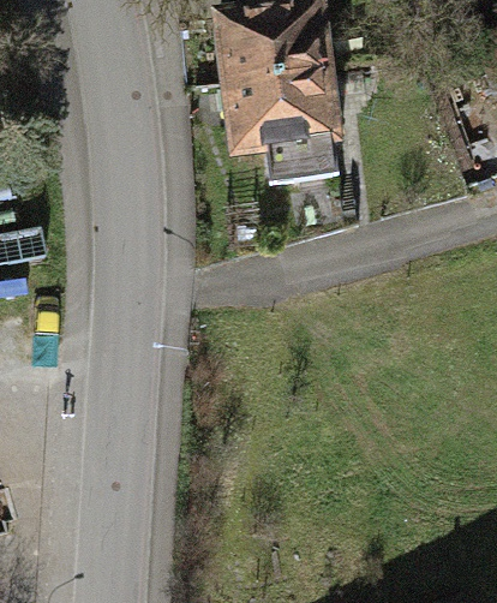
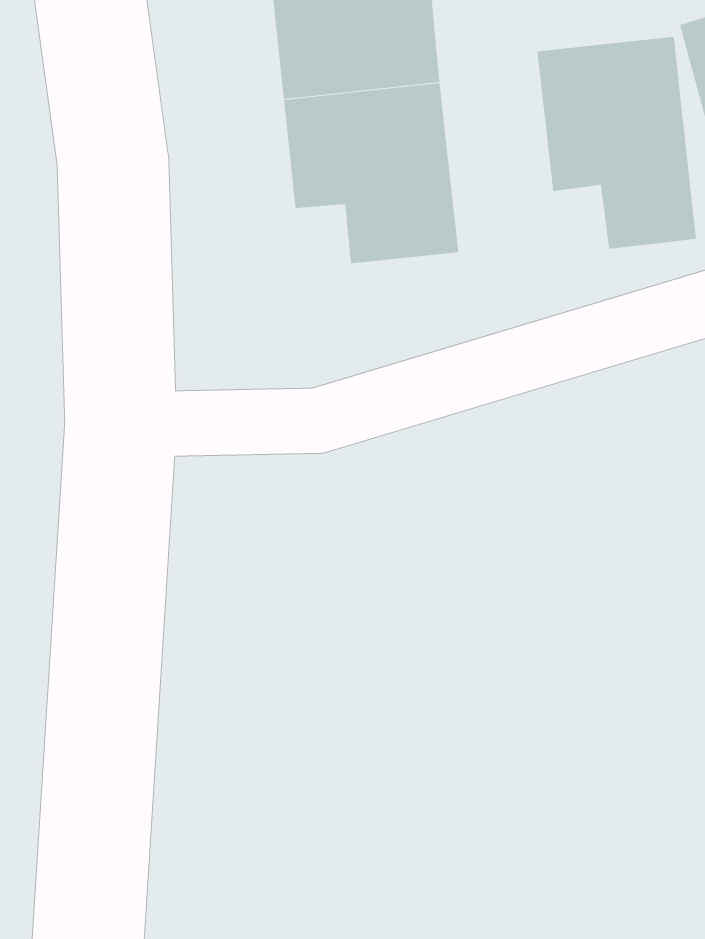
building: none -> [537,36,696,250]

